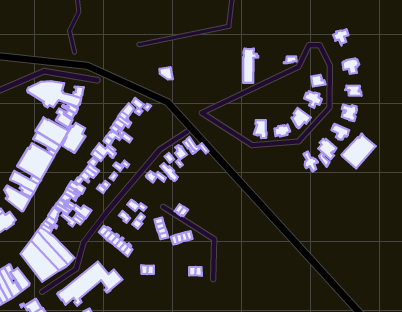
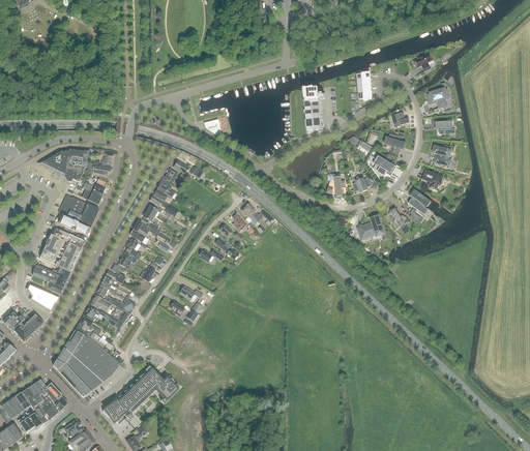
building: [63,123,85,153] -> none
building: [341,134,376,168] -> none
building: none -> [358,214,388,240]

